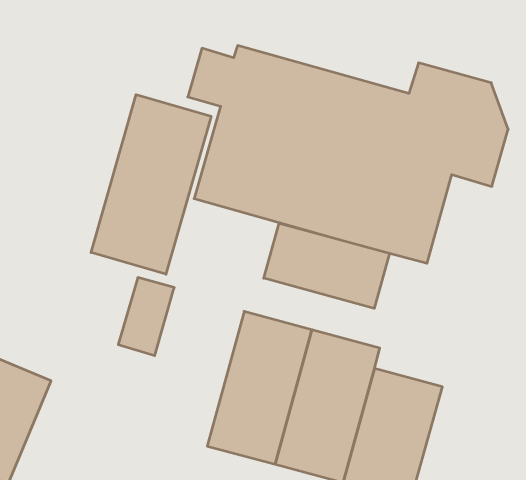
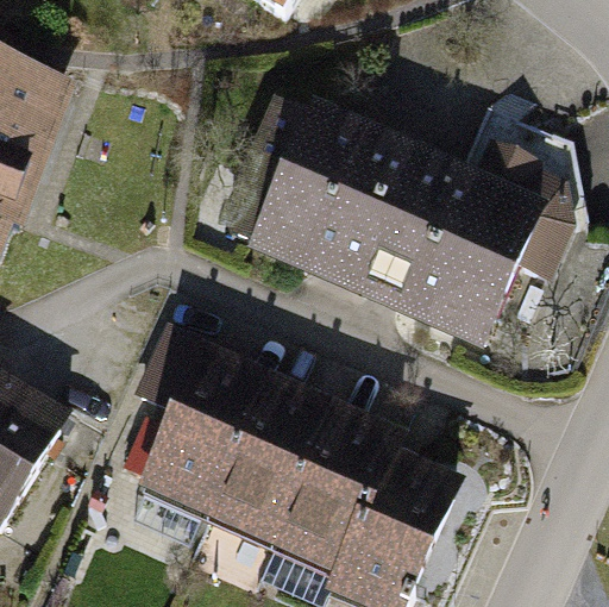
building: [91,95,211,274] -> none
building: [264,223,390,308] -> none
building: none -> [149,344,274,505]

